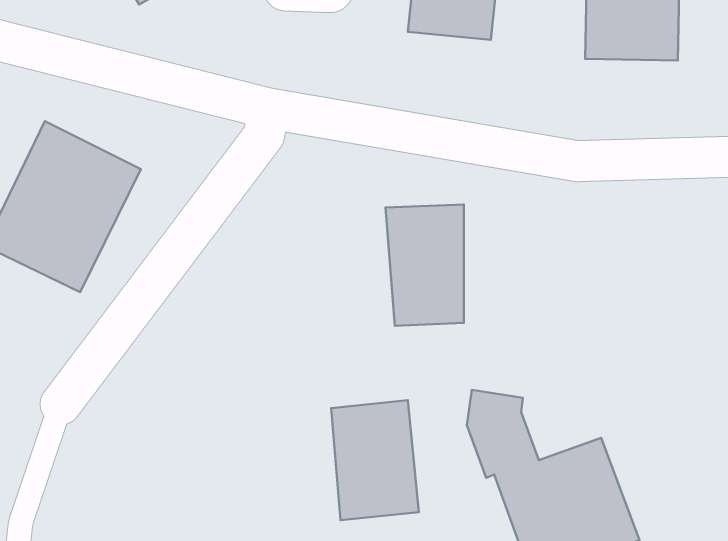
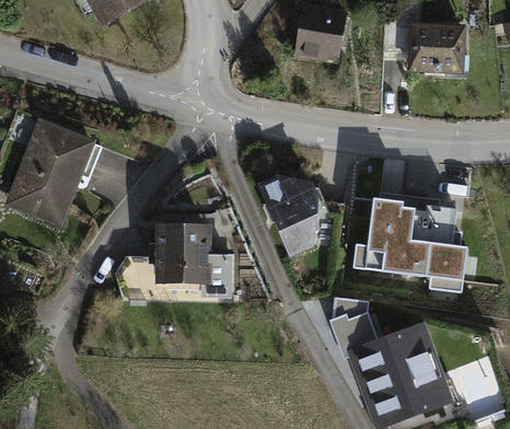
building: none -> [361,198,467,287]
building: [331,400,419,520] -> [158,208,218,290]

